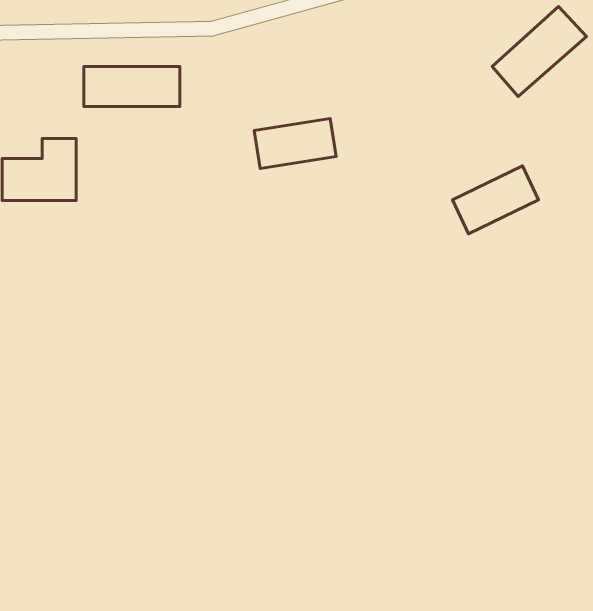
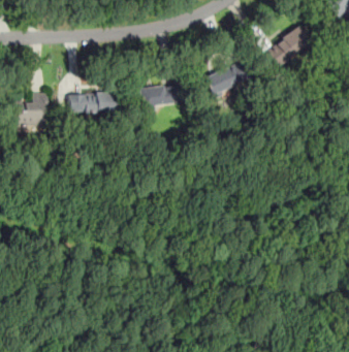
building: [84,67,180,107] -> [68,92,118,113]
building: [452,166,538,234] -> [204,60,249,95]

